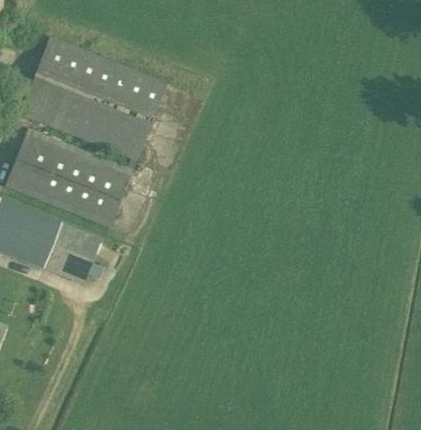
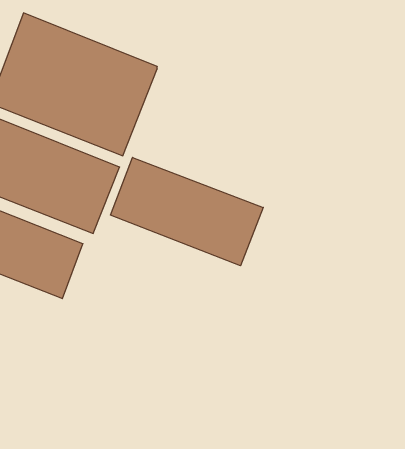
building: none -> [111,157,263,266]

